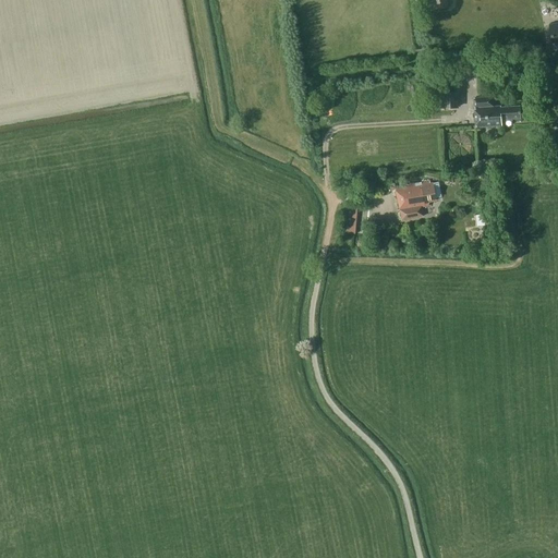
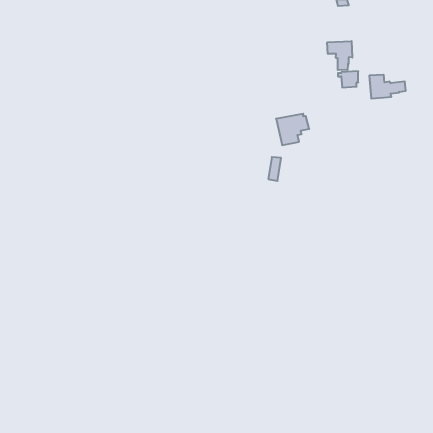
building: none -> [327,41,352,70]
building: [396,179,438,219] -> [276,114,309,145]

